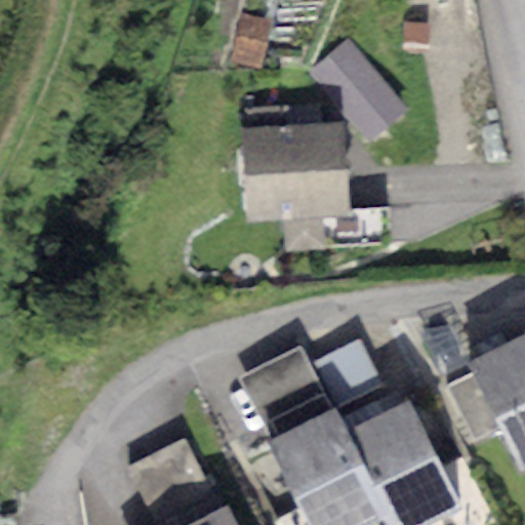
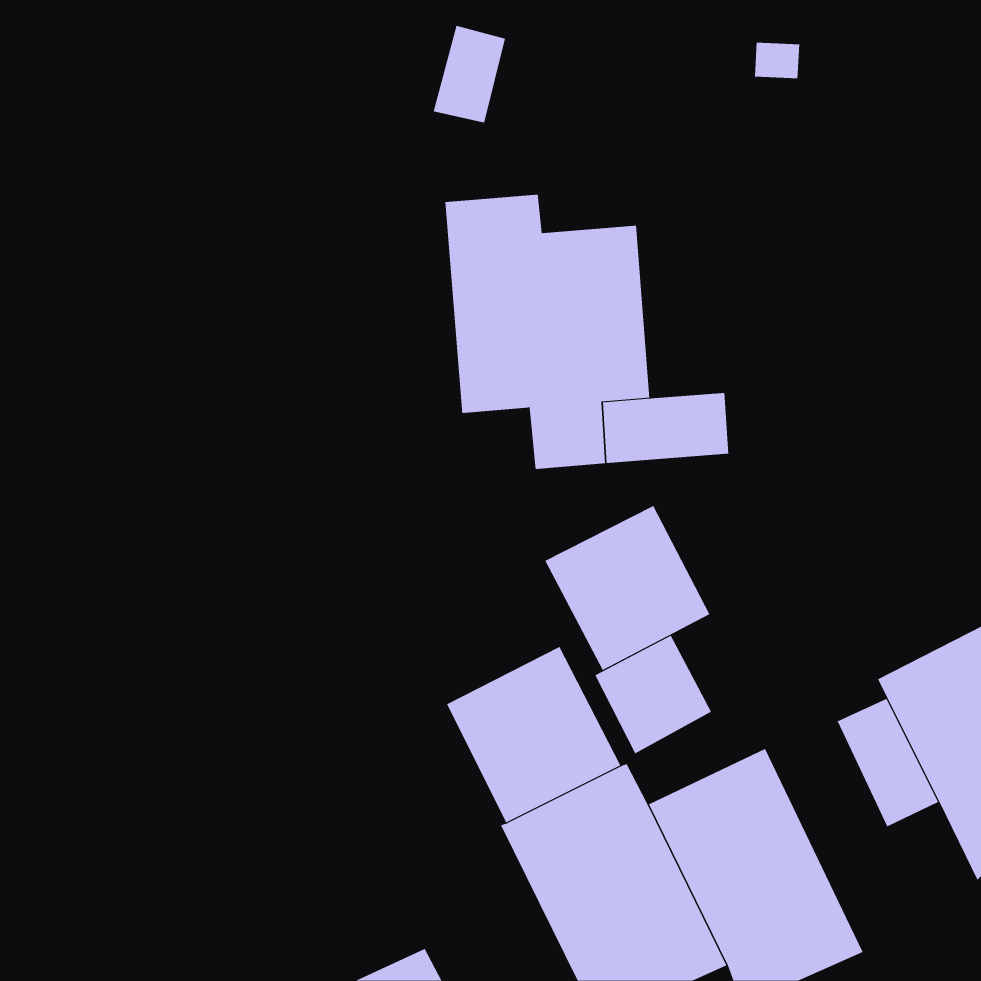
building: [313,40,408,139] -> none
building: none -> [544,505,710,671]
building: [128,438,211,517] -> none

